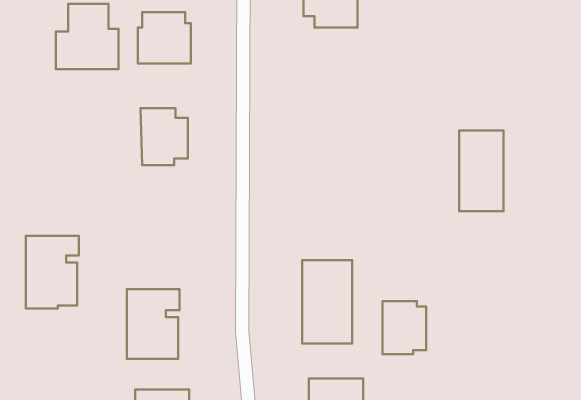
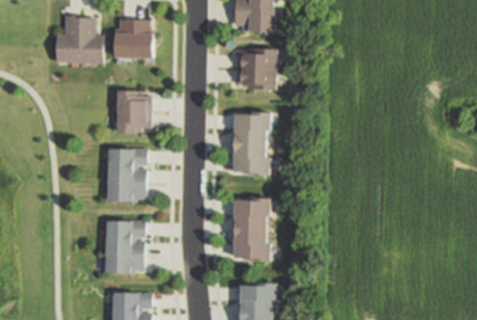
building: none -> [235,47,275,90]
building: [459,130,504,211] -> [235,115,267,174]
building: [26,236,79,308] -> [107,149,146,202]
building: [383,301,426,354] -> none

